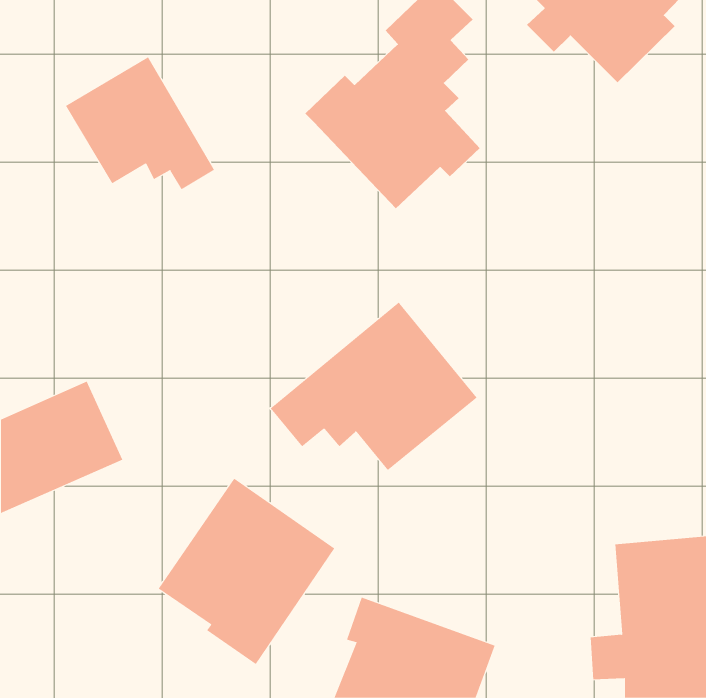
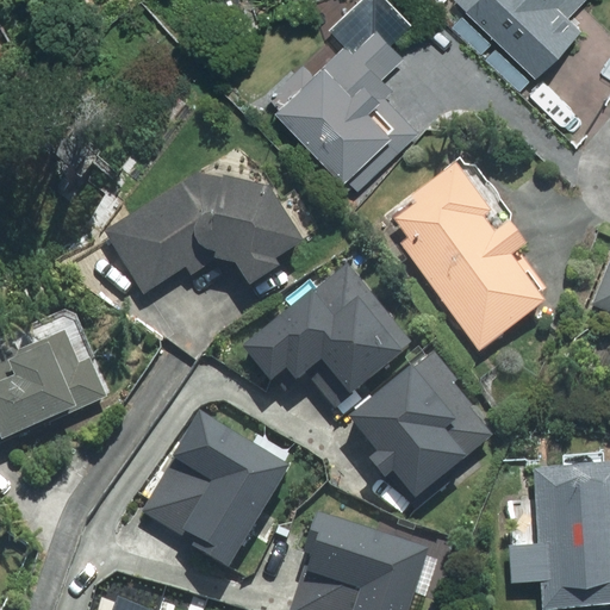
building: [65,57,215,190] -> none
building: none -> [390,161,546,349]
building: none -> [123,173,301,295]
building: none -> [347,348,492,498]

